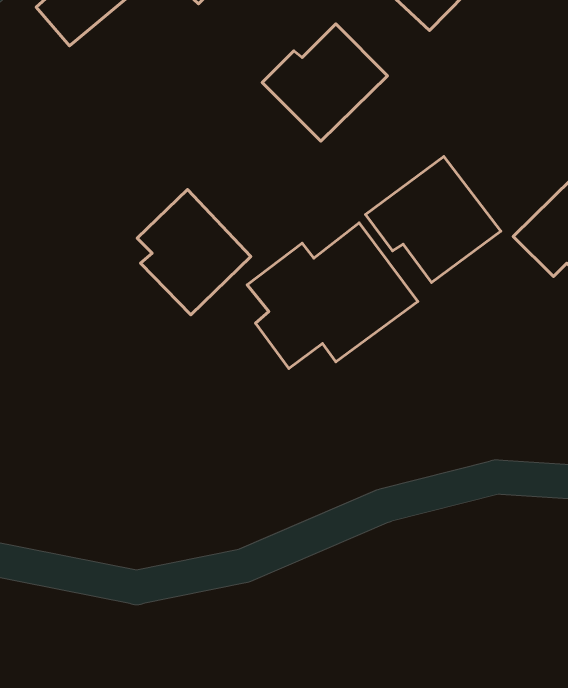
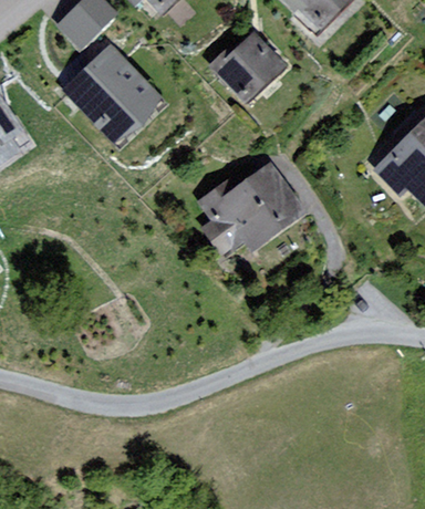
building: [366,157,501,282] -> none
building: [137,190,251,315] -> [76,48,152,131]

